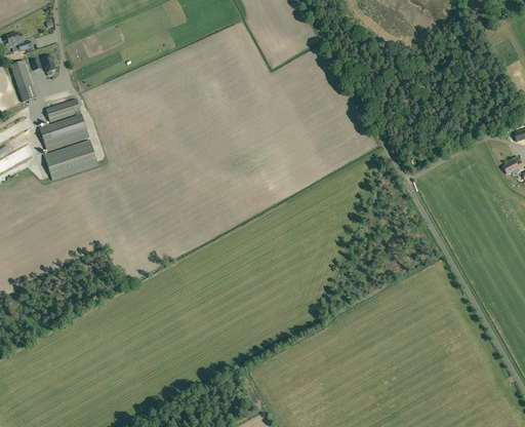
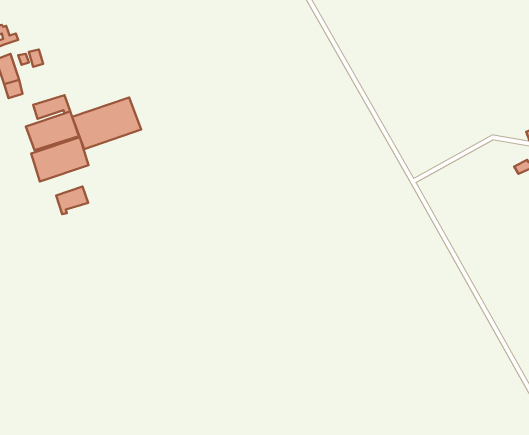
building: none -> [72,97,141,149]
building: none -> [56,187,88,214]

